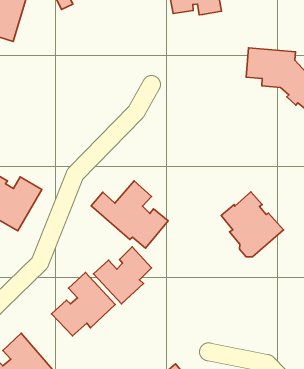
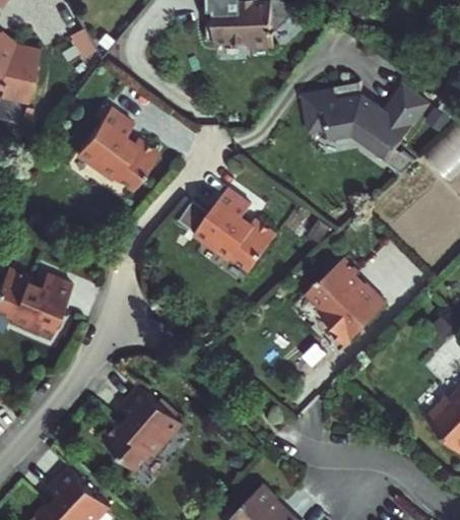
building: none -> [78,105,157,185]
building: [91,181,168,248] -> [180,189,277,271]
building: [94,247,152,304] -> none

